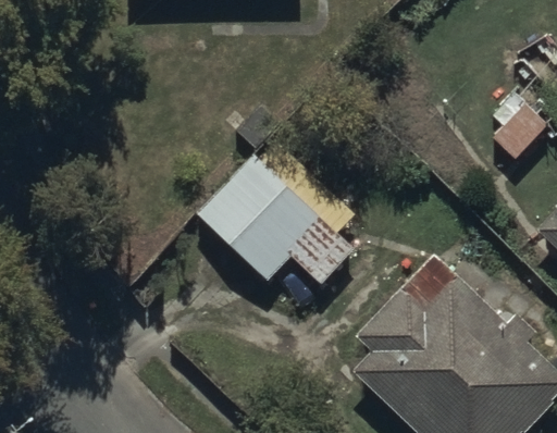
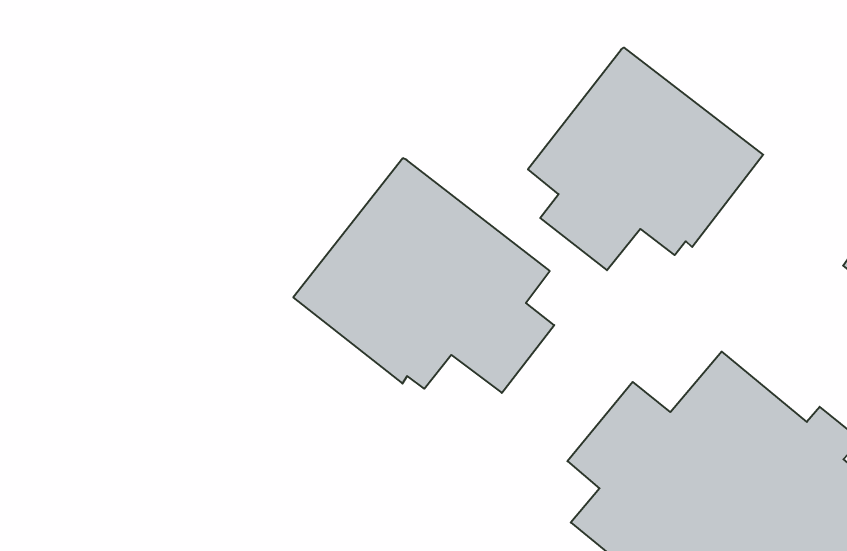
building: none -> [528,48,763,270]

